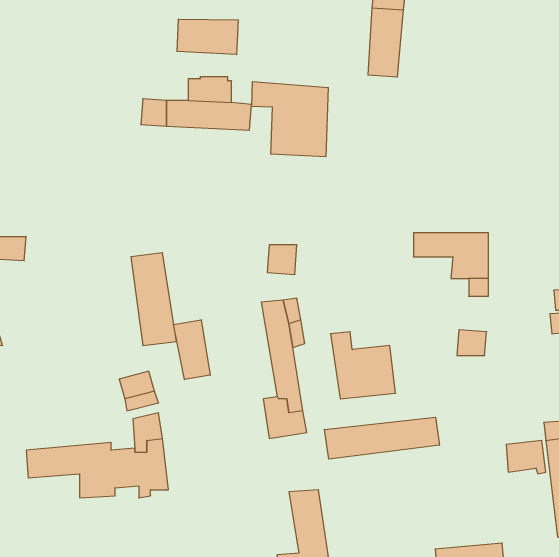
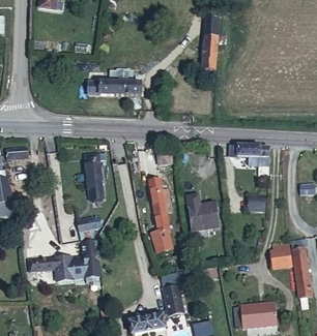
building: [177,19,238,55] -> none
building: [252,82,328,157] -> none
building: [174,320,210,380] -> none
building: [324,417,439,459] -> none

